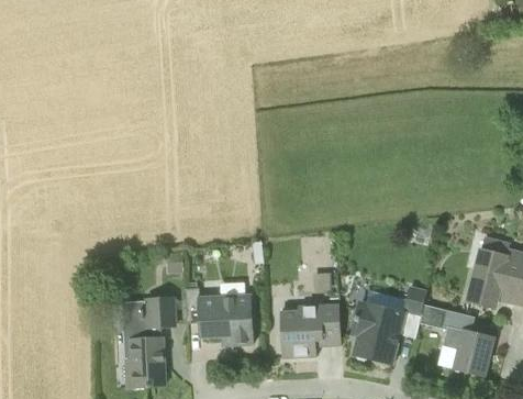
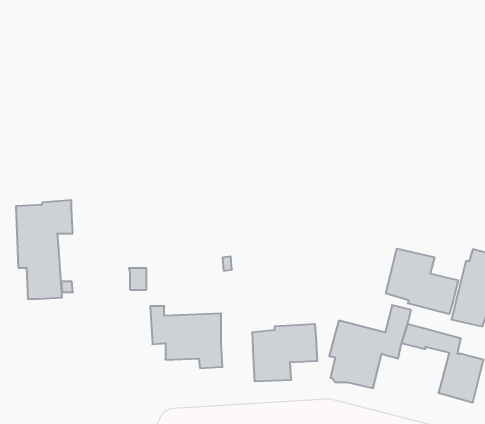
building: none -> [386,249,458,314]
building: [122,296,175,387] -> [16,200,73,299]

